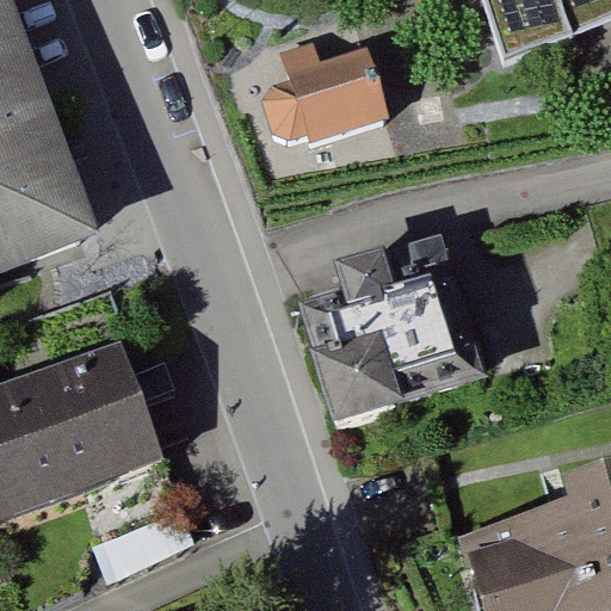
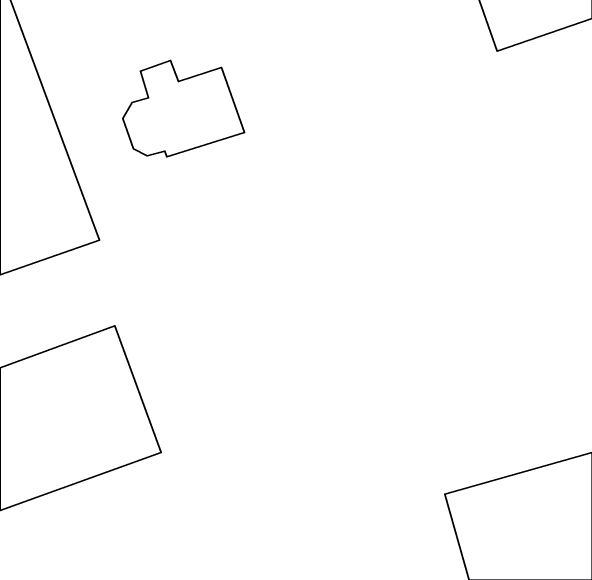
building: [265,41,390,140] -> [123,61,245,157]
building: [290,245,479,424] -> none

